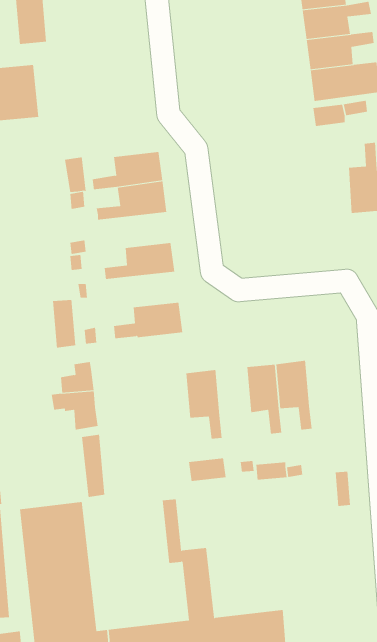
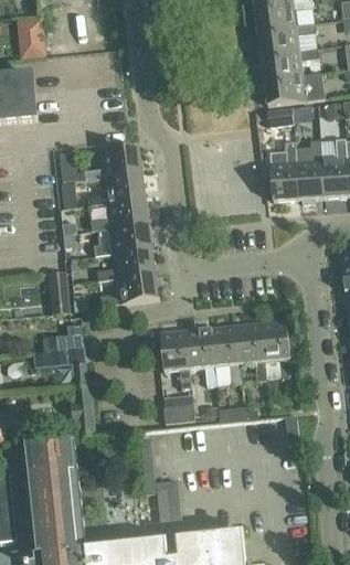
building: none -> [268,141,297,200]
building: none -> [87,198,147,230]
building: none -> [94,247,153,279]
building: none -> [259,319,290,377]
building: none -> [184,327,215,385]

